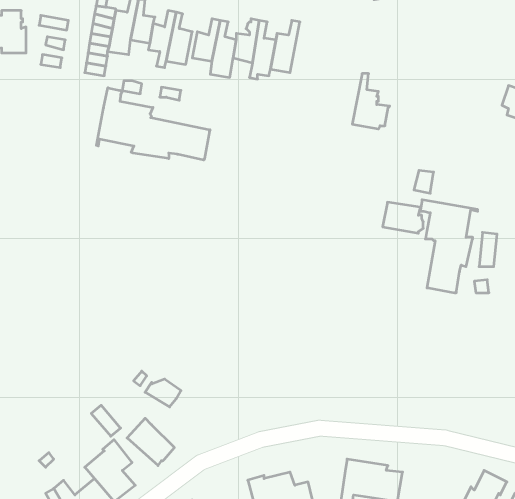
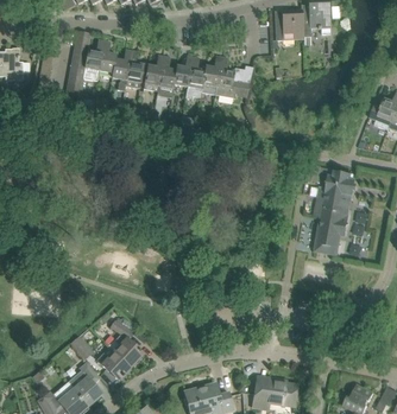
building: [352,74,390,129] -> [215,57,242,97]
building: [96,88,210,160] -> none
building: [383,202,423,233] -> [326,171,355,193]
building: none -> [109,335,143,367]

